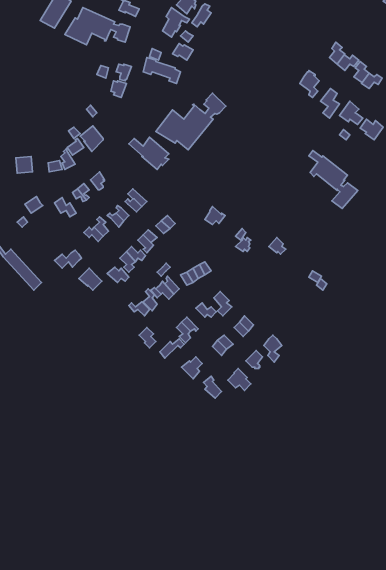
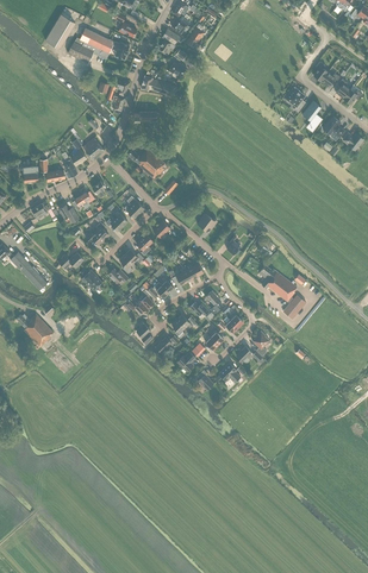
building: [156,93,226,150] -> none
building: [309,151,358,208] -> [261,264,306,317]
building: none -> [17,313,54,346]

